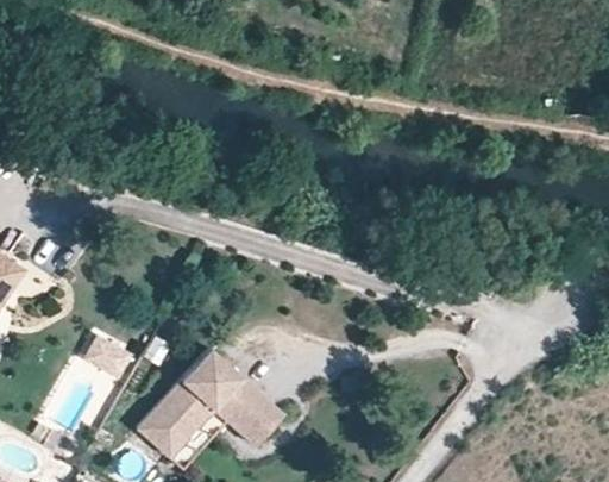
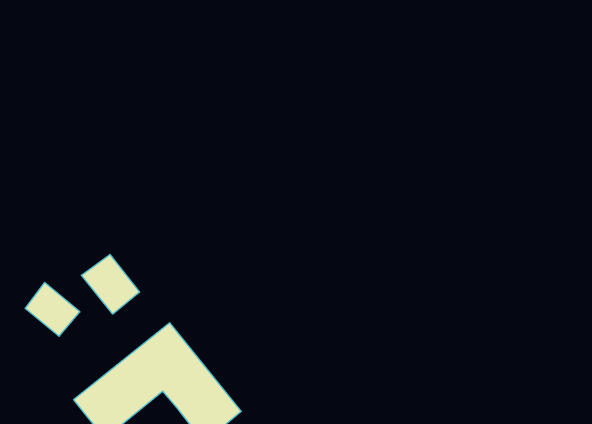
building: none -> [81,254,140,314]

